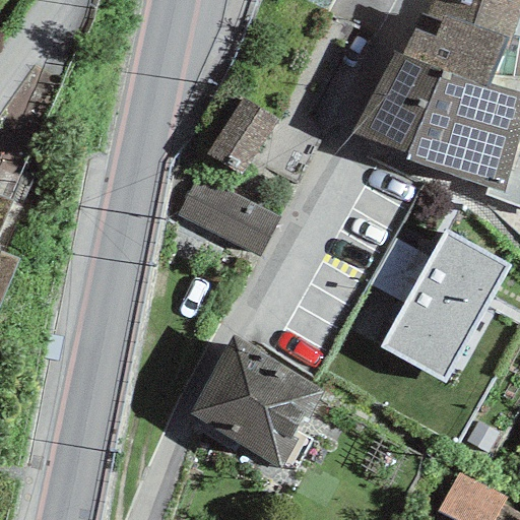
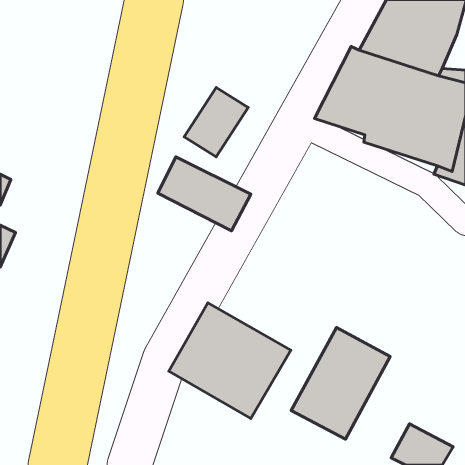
building: [381,231,510,383] -> none
building: none -> [291,327,390,439]

